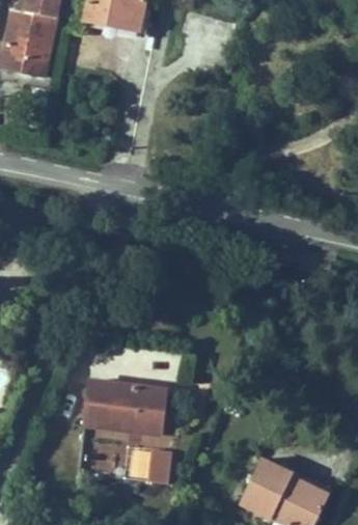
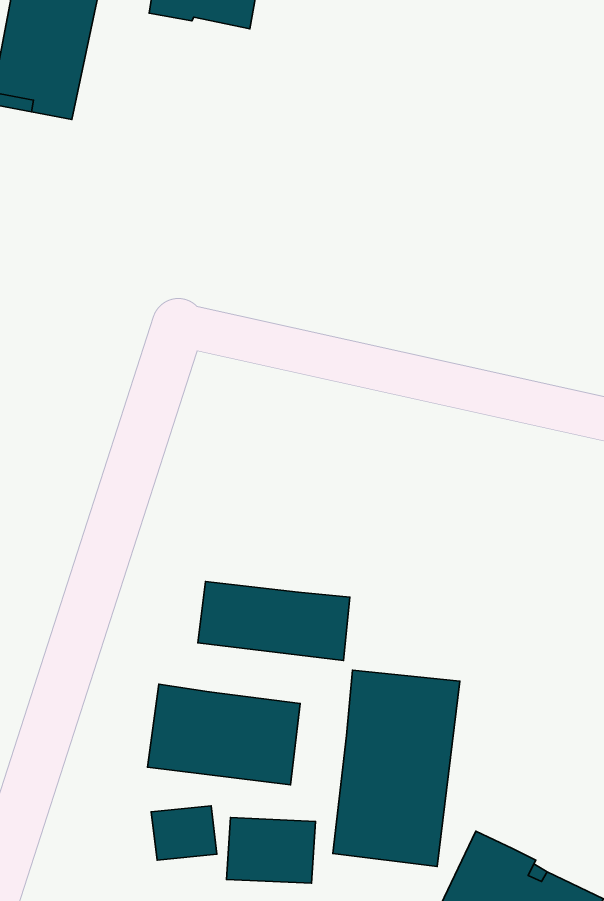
building: none -> [198,581,350,660]
building: none -> [333,670,460,866]

